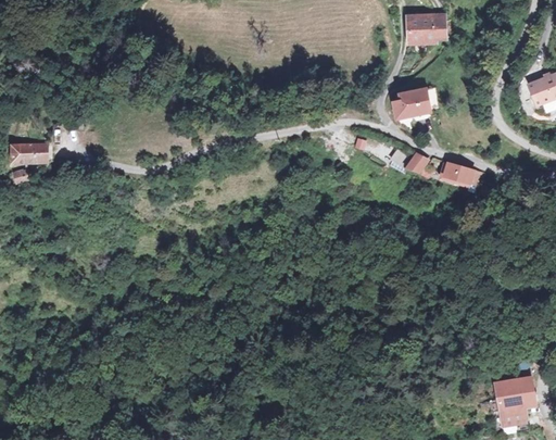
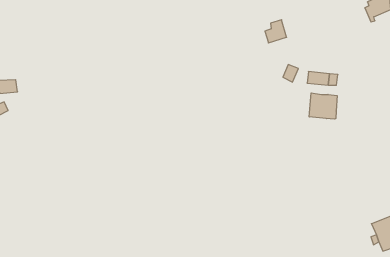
building: [407,91,430,118] -> none
building: none -> [309,93,337,119]

